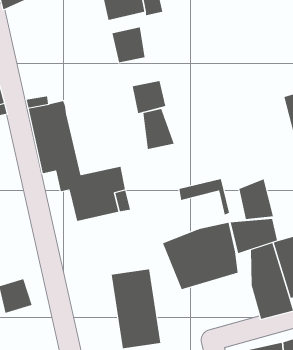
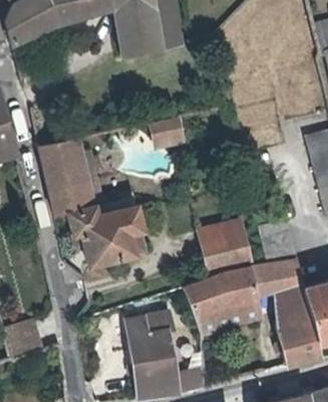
building: [112,27,145,63] -> none
building: [143,108,174,150] -> none
building: none -> [201,233,247,268]

